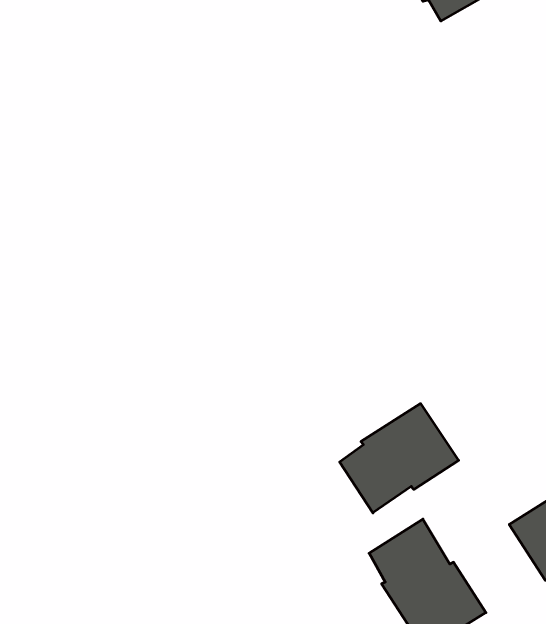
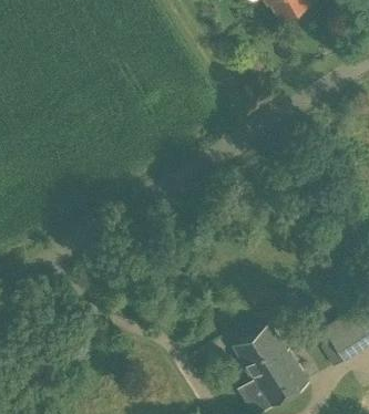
building: [340,404,459,513] -> none

